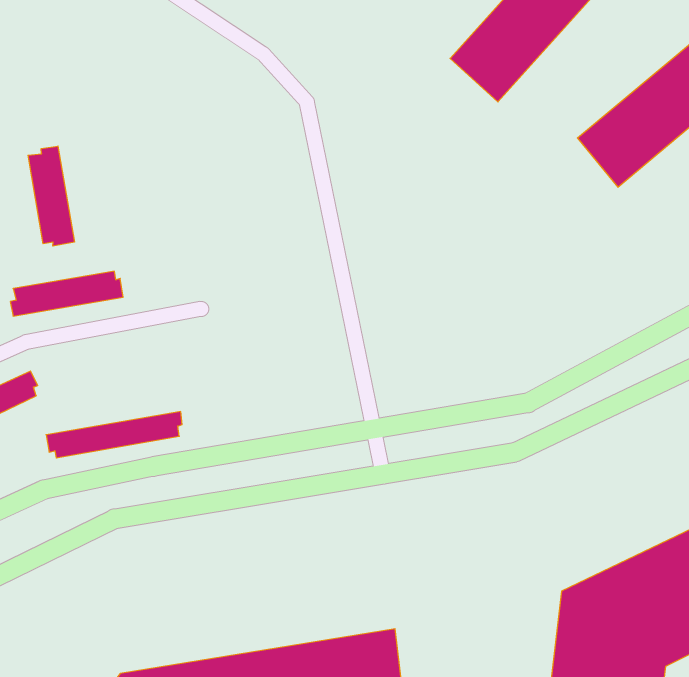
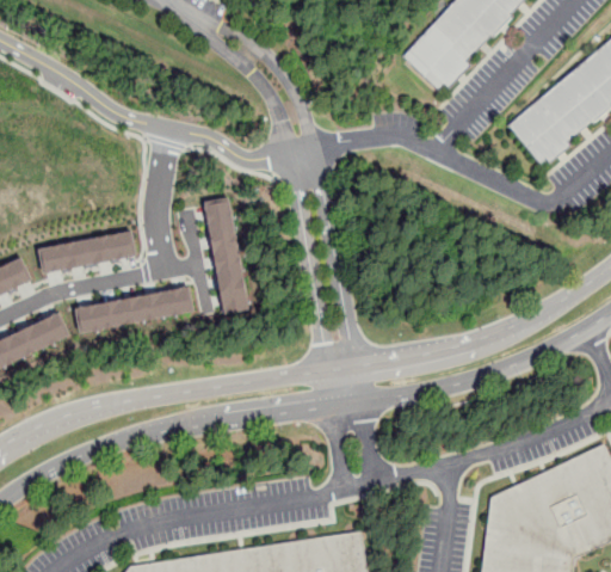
building: [28,146,74,246] -> none
building: none -> [205,197,245,312]
building: [46,412,182,458] -> [75,291,187,330]

